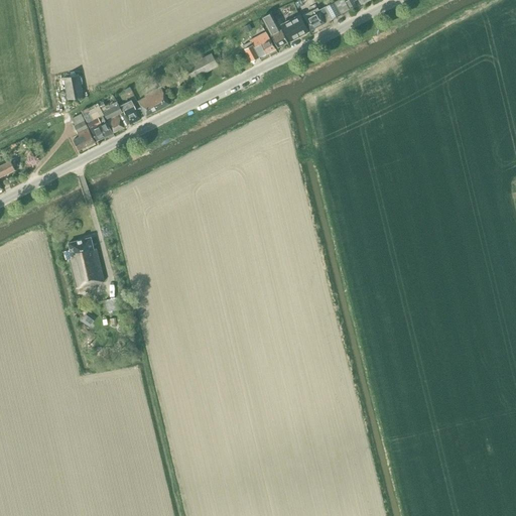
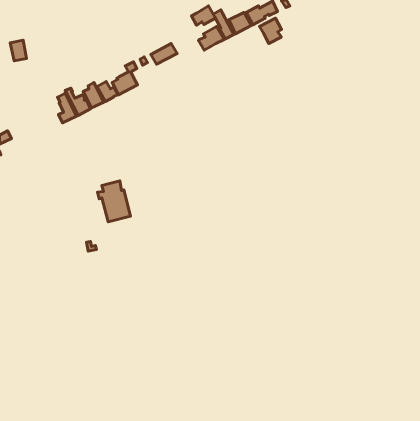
building: none -> [191,6,215,25]
building: none -> [259,18,281,43]
building: [61,75,82,100] -> [10,40,27,61]
building: [62,237,103,287] -> [98,181,131,222]

